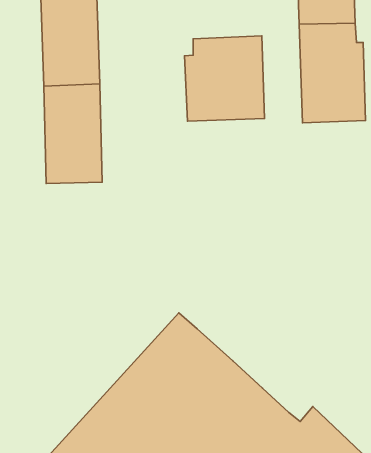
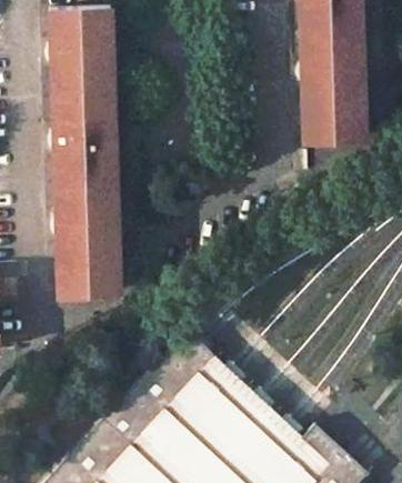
building: [185,36,265,121] -> none
building: none -> [57,200,121,296]

